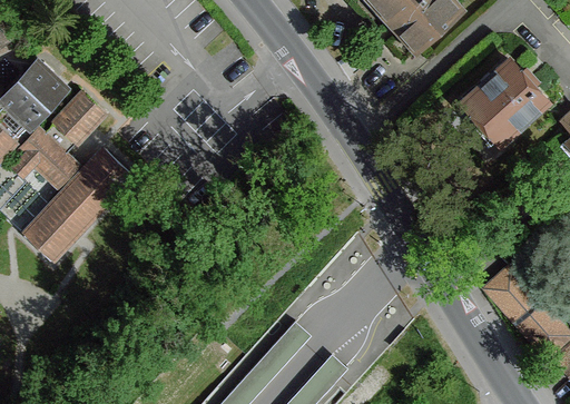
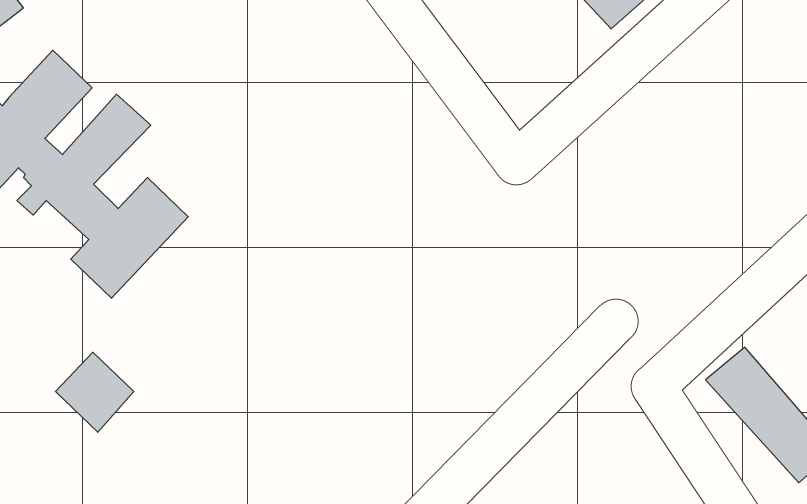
building: [463,61,544,140] -> none
building: [23,205,77,259] -> [55,352,134,432]

